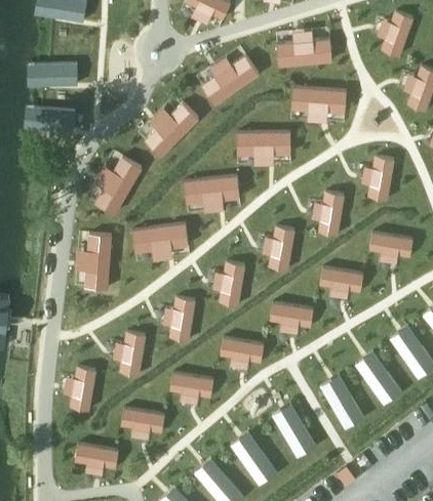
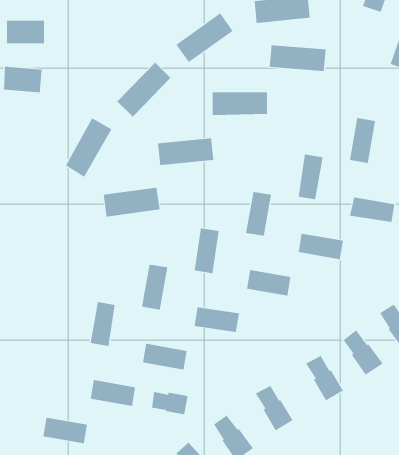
building: [85,234,112,288] -> none
building: [70,367,95,411] -> none
building: none -> [152,391,188,415]

